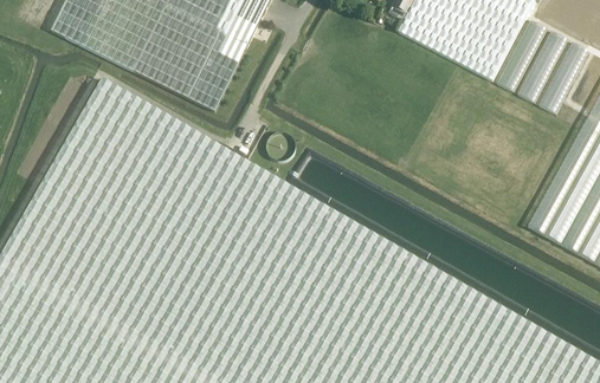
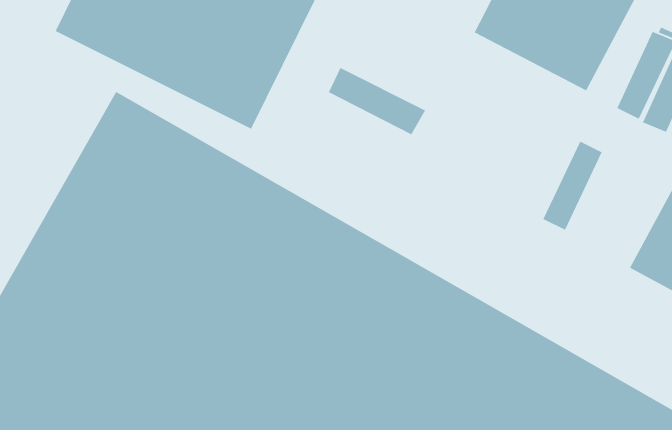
building: [497,18,547,92] -> [543,141,603,231]
building: none -> [328,67,426,135]

